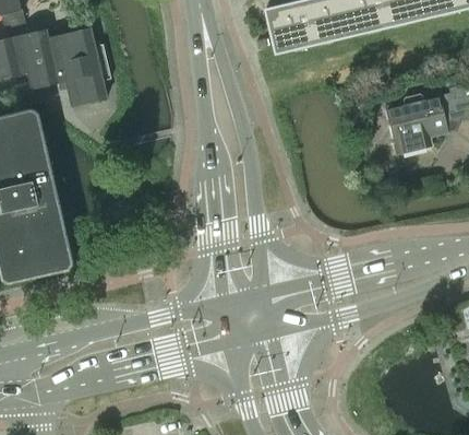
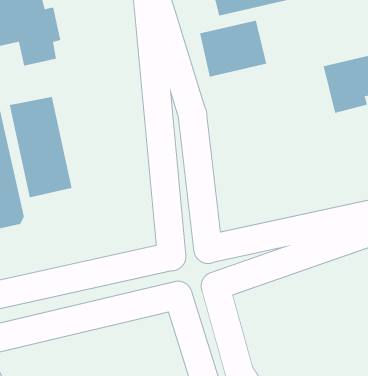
building: none -> [200,20,267,78]
building: none -> [9,96,72,198]

